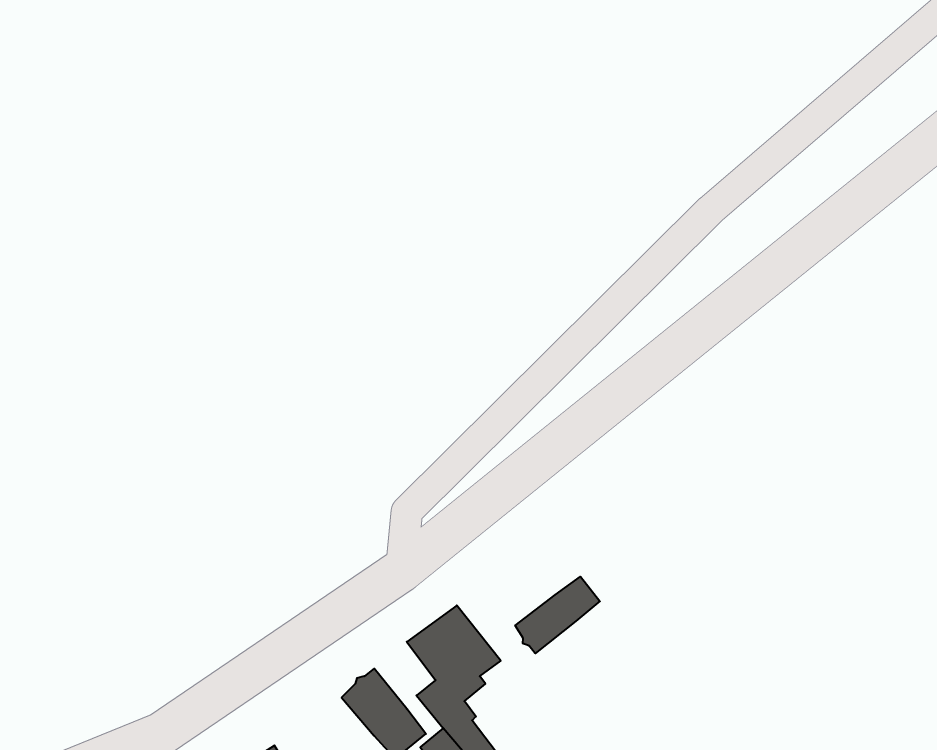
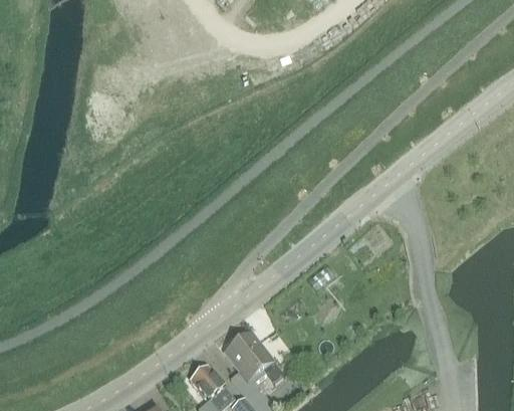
building: [515,577,600,653] -> none

